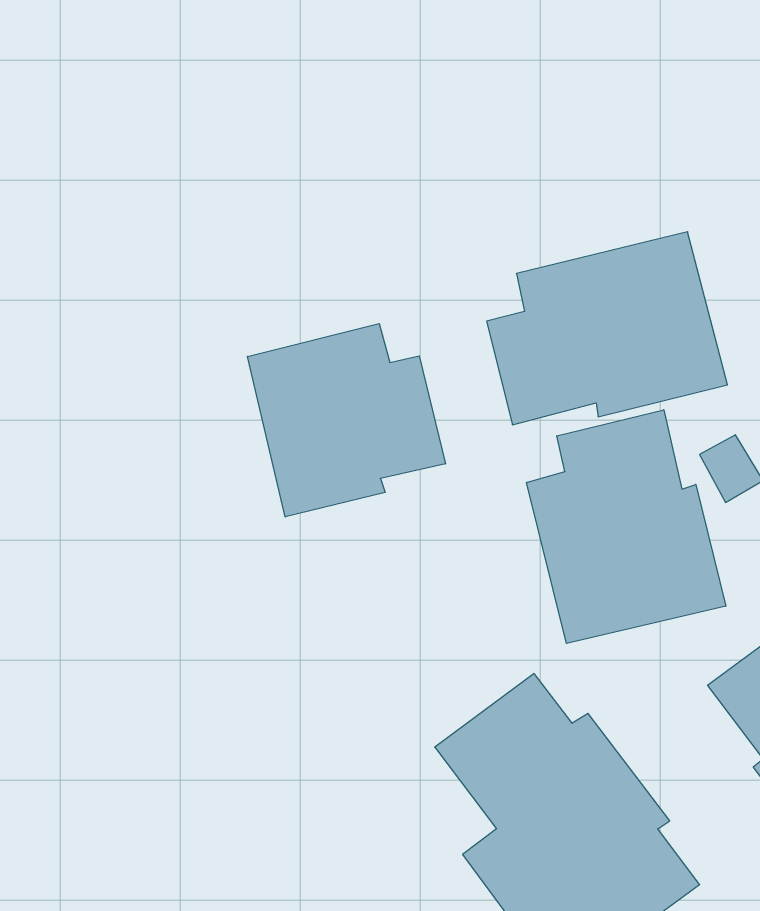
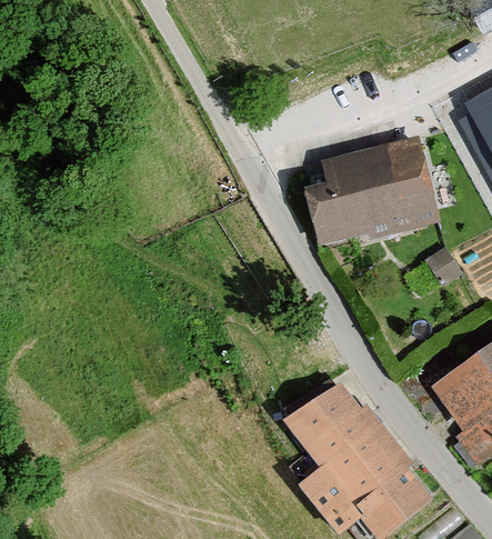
building: [247,324,445,517] -> none
building: [527,410,726,643] -> none

